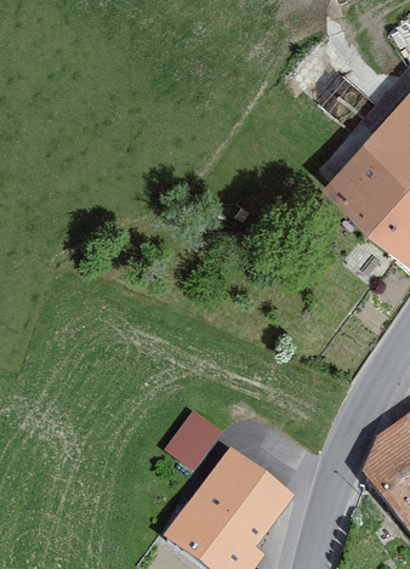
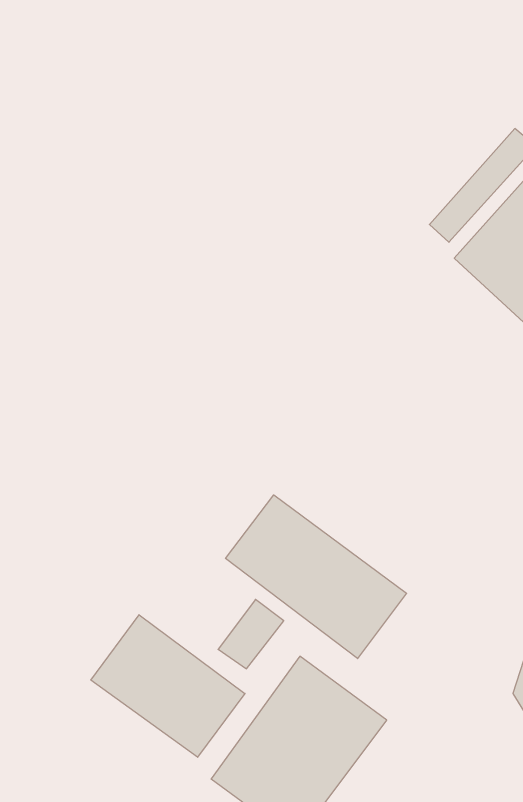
building: none -> [226,495,407,659]
building: none -> [91,615,245,757]

